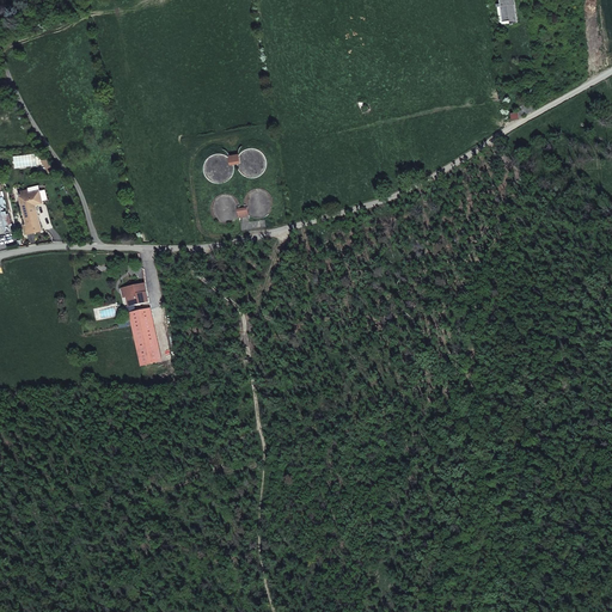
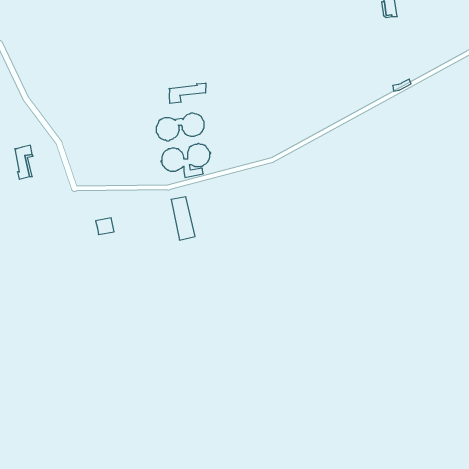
building: none -> [169,83,206,103]
building: [130,308,161,365] -> [171,197,195,240]

